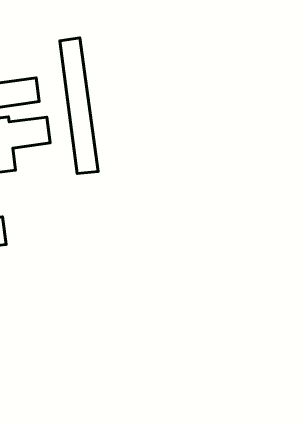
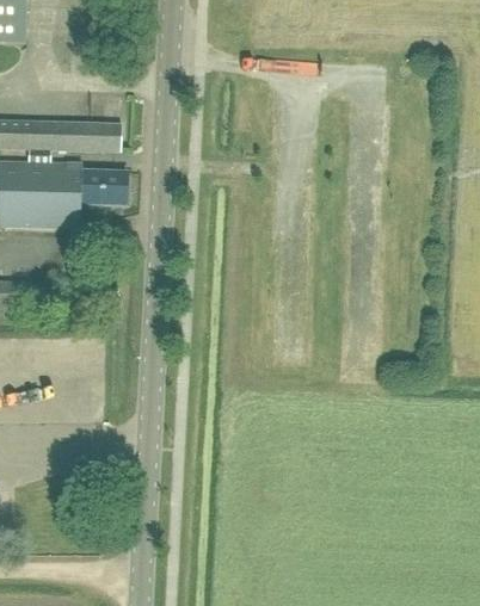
building: [60,38,98,173] -> none

